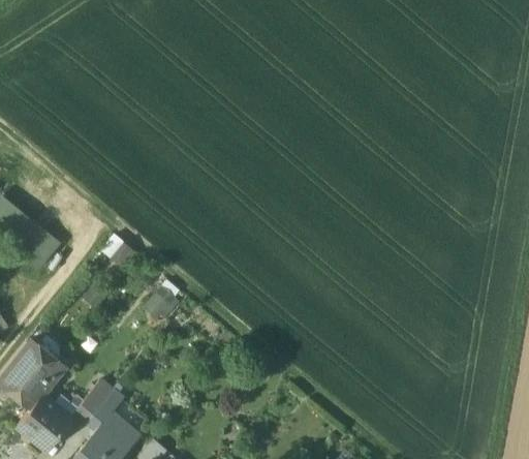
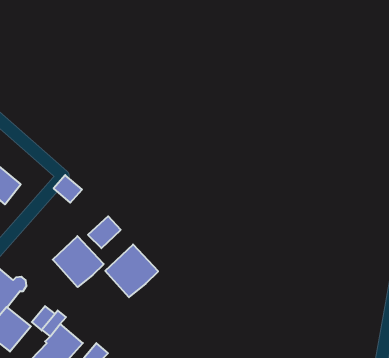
building: none -> [53,236,103,287]
building: none -> [105,244,158,297]

